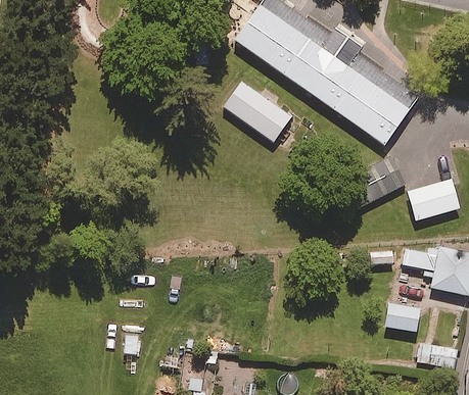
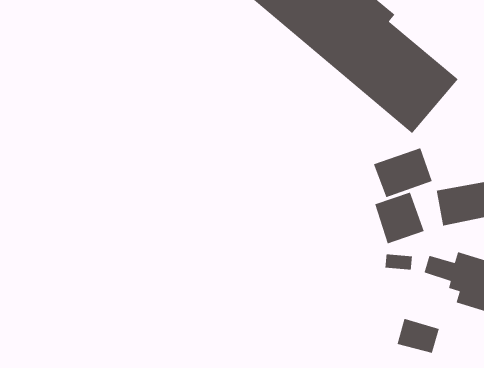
building: [222,79,291,141] -> none
building: none -> [374,192,425,245]

